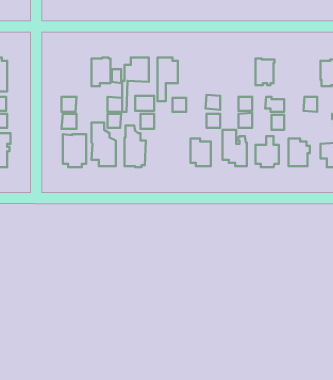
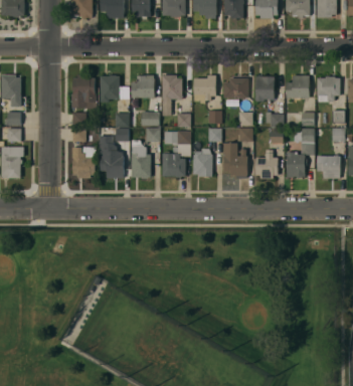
building: none -> [71,74,97,108]
building: none -> [194,74,216,103]
building: none -> [286,74,309,99]
building: none -> [223,77,247,99]
building: none -> [295,128,314,154]
building: none -> [163,129,191,177]

